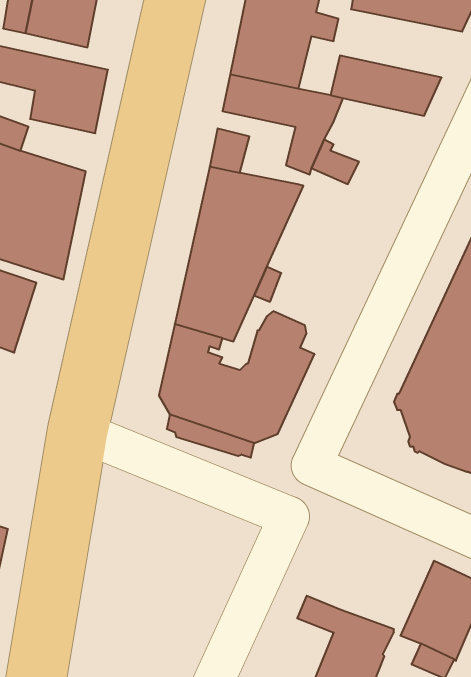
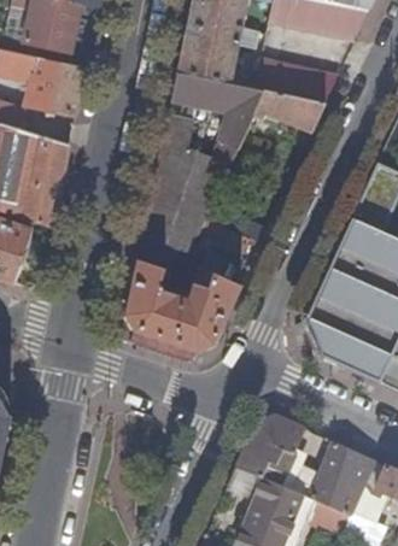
building: none -> [256,90,324,130]
building: none -> [235,415,305,479]

